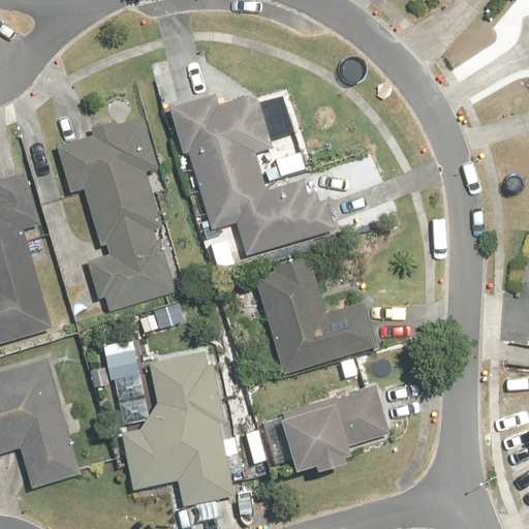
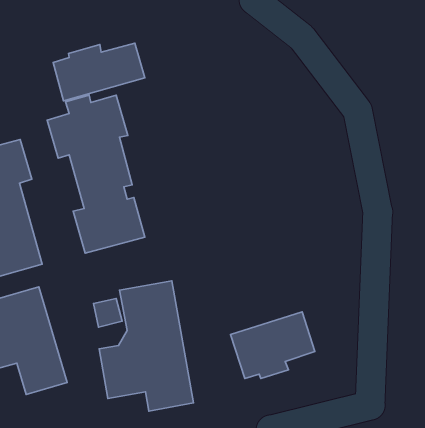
building: none -> [53,43,145,101]
building: [169,91,336,258] -> none
building: [254,258,378,373] -> none

